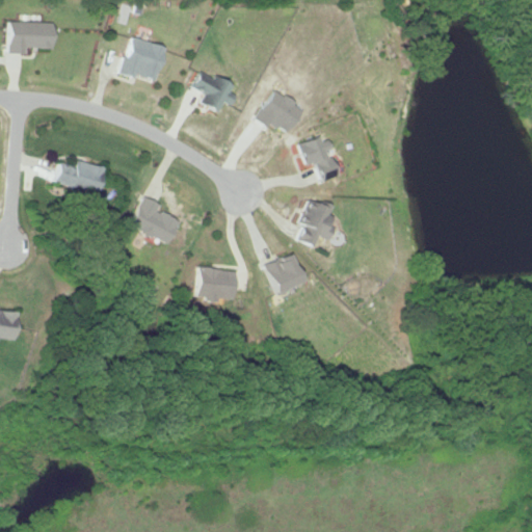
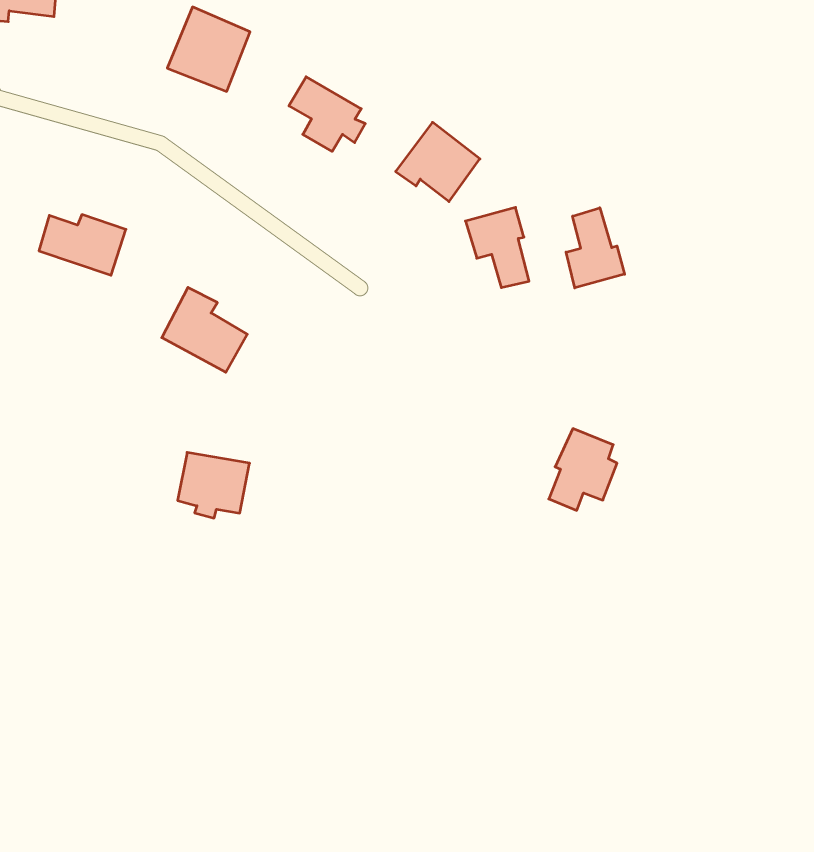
building: none -> [566,208,625,288]
building: [299,200,337,246] -> [549,429,617,510]
building: [264,252,303,294] -> none
building: [196,267,236,303] -> [178,452,250,518]

